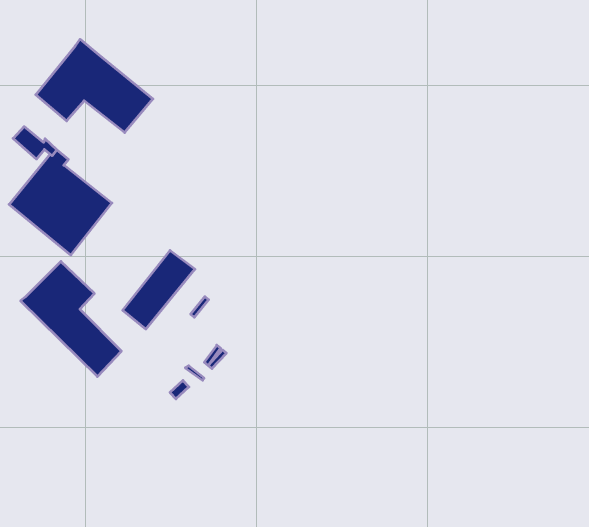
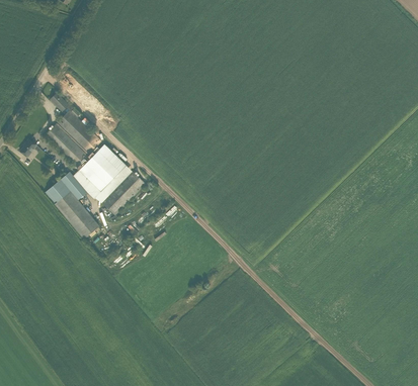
building: [36,39,153,133] -> none
building: none -> [78,142,126,190]

